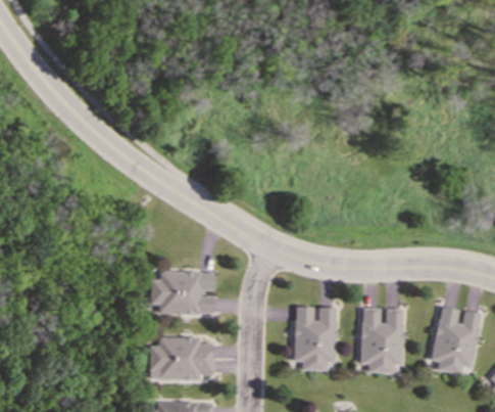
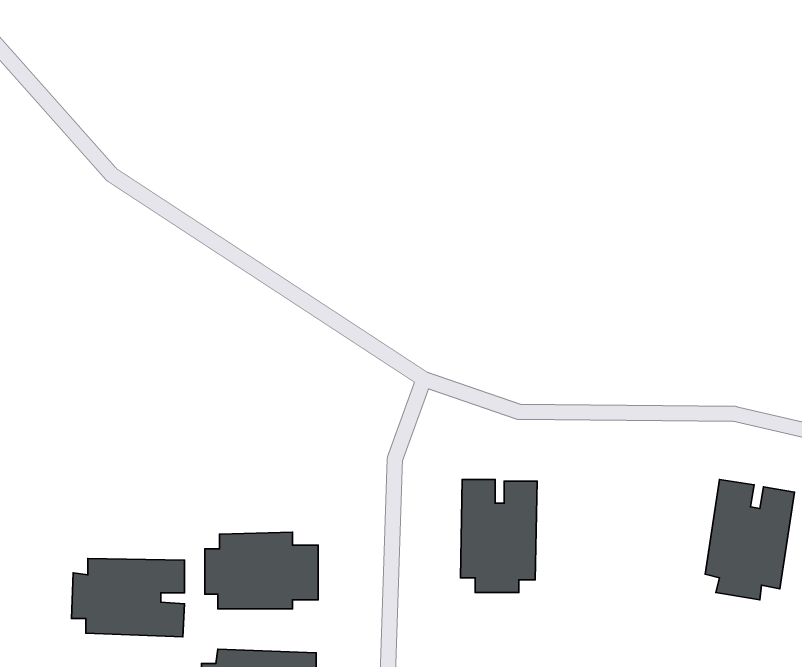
building: [152,271,215,315] -> [71,558,185,637]
building: [360,308,403,373] -> none

